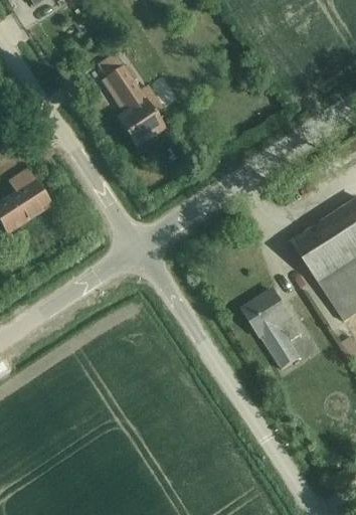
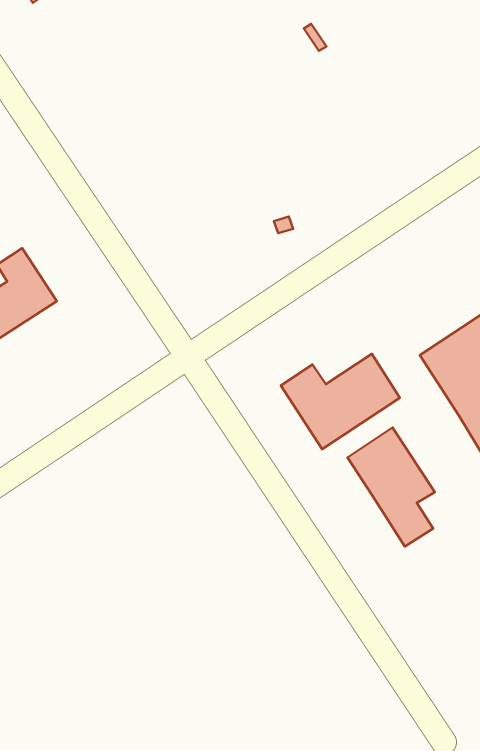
building: [97,52,164,146] -> none
building: none -> [281,354,400,449]

